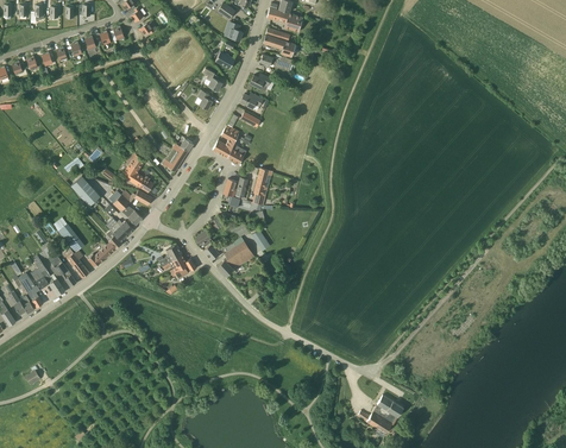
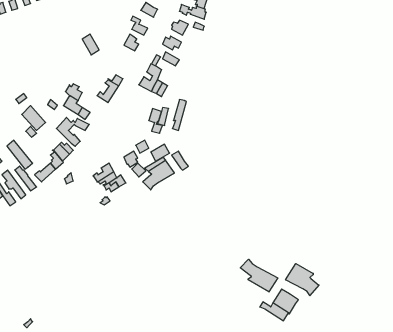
building: none -> [240,259,278,292]
building: none -> [286,264,319,296]

